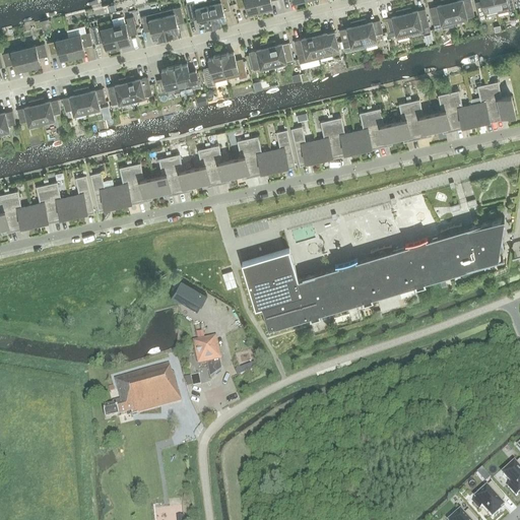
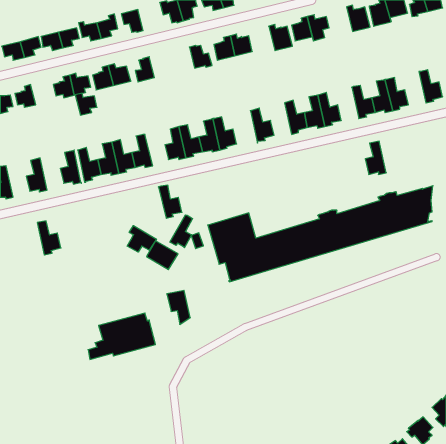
building: [160,8,183,38] -> none
building: [384,10,410,42] -> none
building: [294,32,320,65] -> none
building: [204,57,226,88] -> none
building: [174,66,200,92] -> none
building: [471,85,496,124] -> none
building: [36,99,61,124] -> [75,93,97,115]
building: [393,104,417,142] -> [365,141,386,174]
building: [315,122,339,160] -> none
building: [271,131,296,171] -> none
building: [169,156,196,195] -> [158,185,182,218]
building: [47,184,74,223] -> [37,221,61,255]
building: [7,193,35,232] -> none
building: none -> [170,215,193,248]
building: none -> [127,226,156,252]

